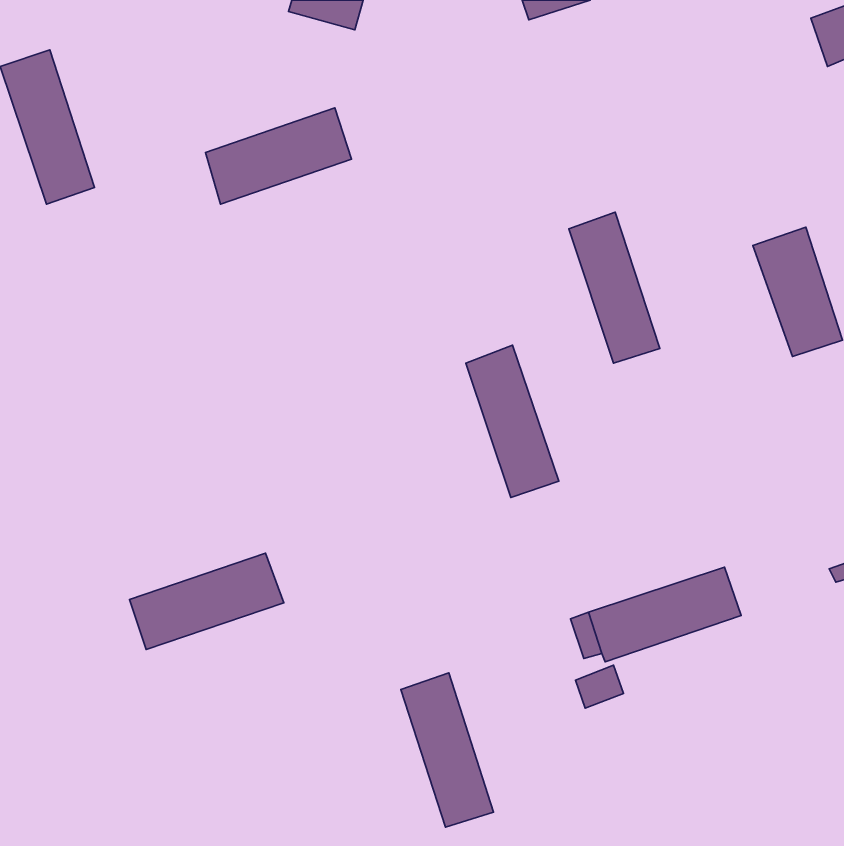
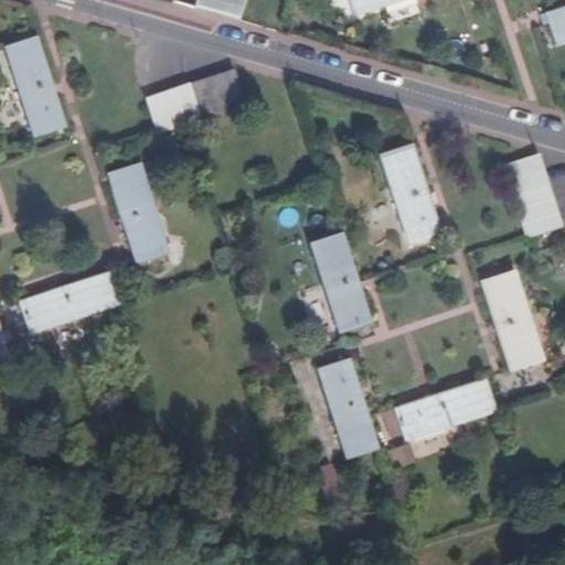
building: none -> [105,164,167,264]
building: none -> [482,270,544,372]
building: [130,553,284,649] -> [15,270,118,334]
building: [401,673,494,827] -> [318,358,380,460]

